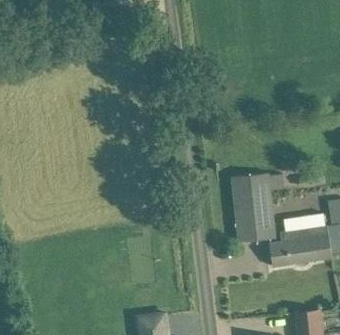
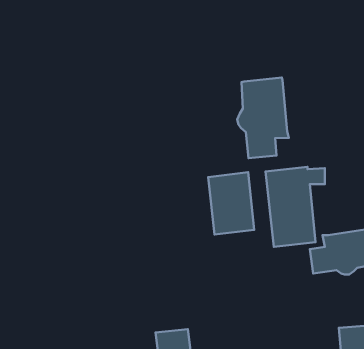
building: none -> [237,78,289,158]
building: none -> [208,172,254,235]

